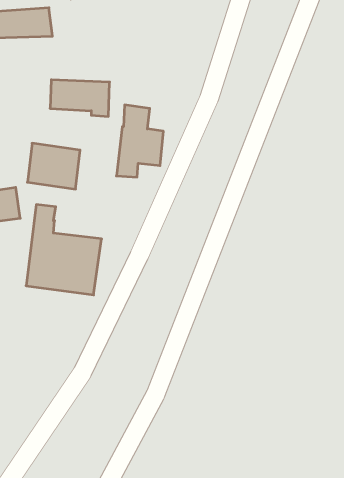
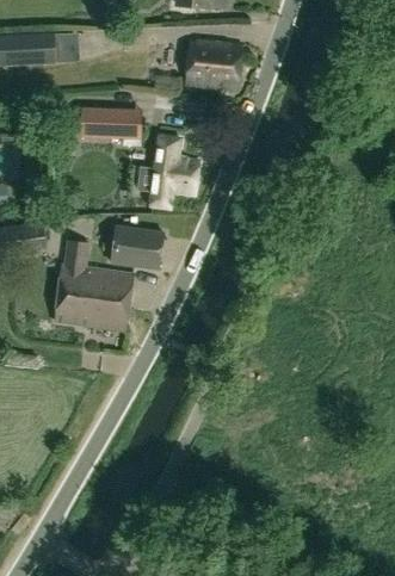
building: none -> [186,42,240,91]
building: [27,143,80,189] -> [110,224,165,272]

